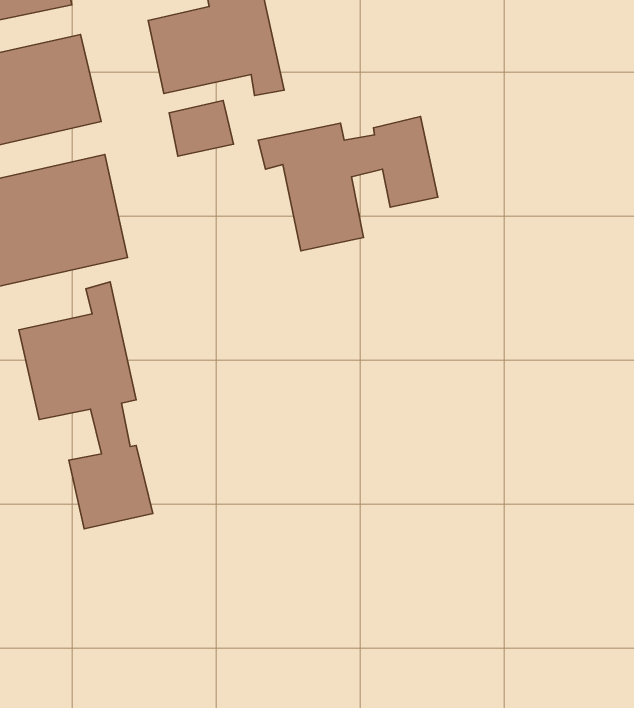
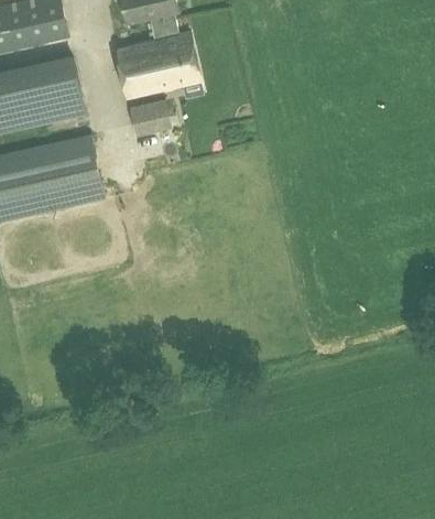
building: [258,116,438,251] -> none
building: [19,282,153,529] -> none

